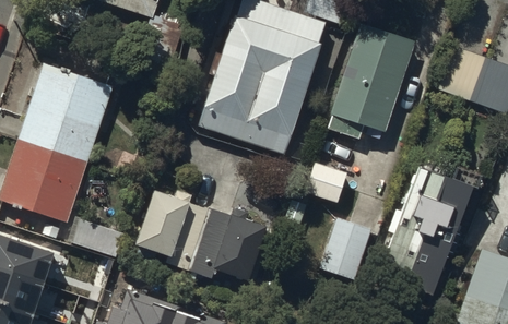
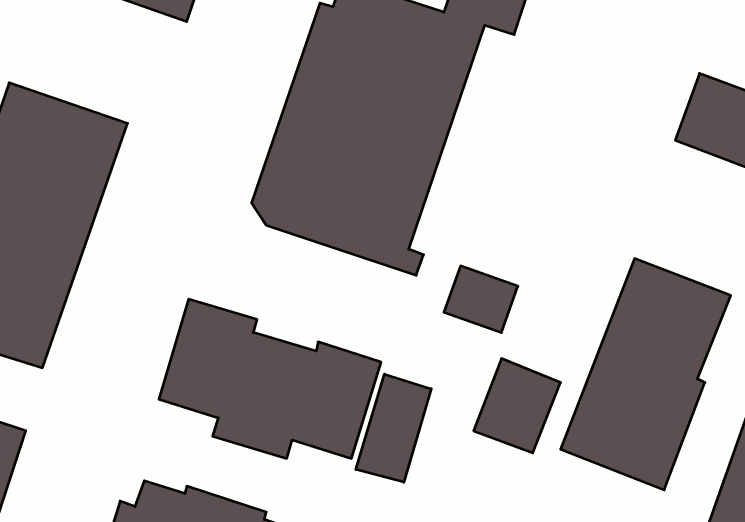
building: [329,21,416,139] -> none
building: none -> [356,374,431,482]

